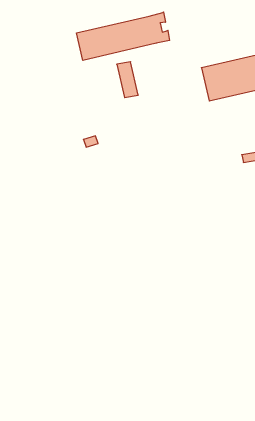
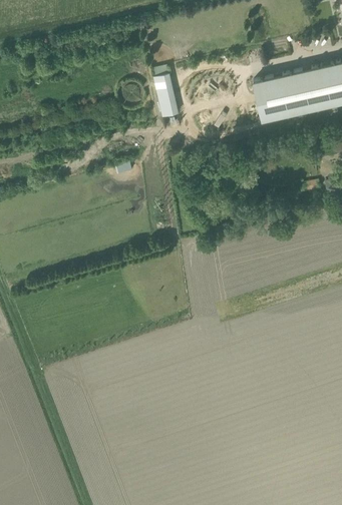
building: [77,12,170,60] -> none

